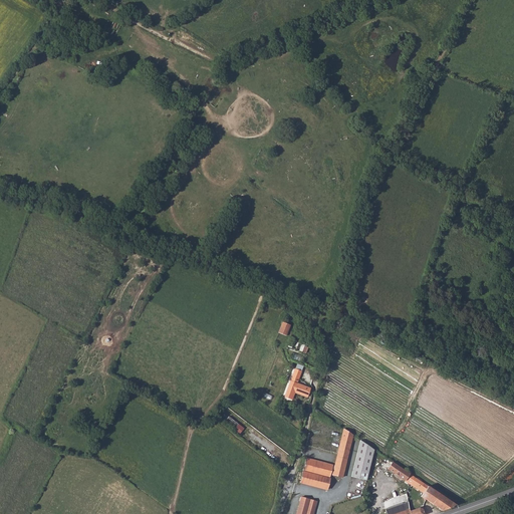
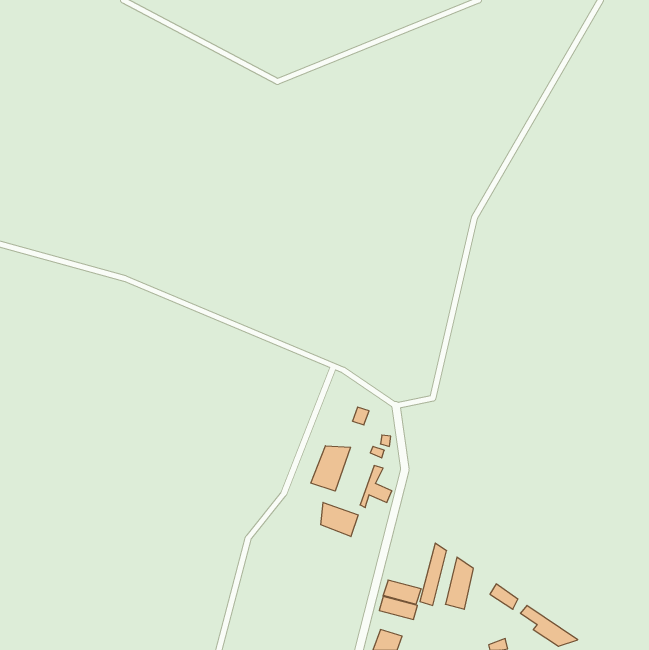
building: none -> [311,446,351,491]
building: none -> [321,502,358,537]

